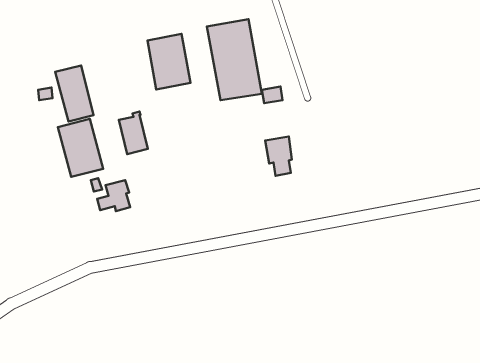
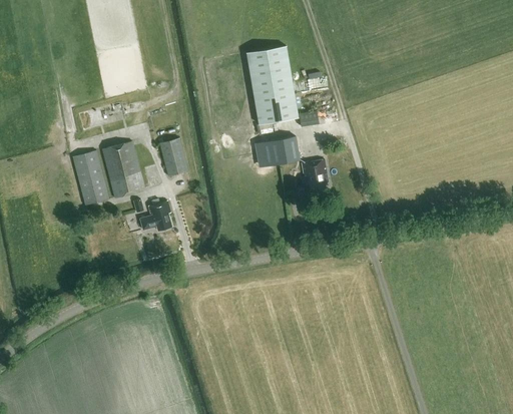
building: [147,34,190,90] -> none
building: [55,65,93,122] -> [72,151,109,205]
building: none -> [260,136,301,167]

